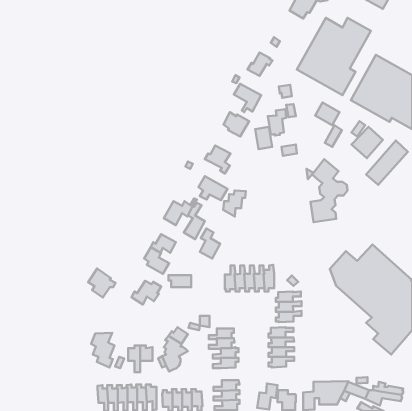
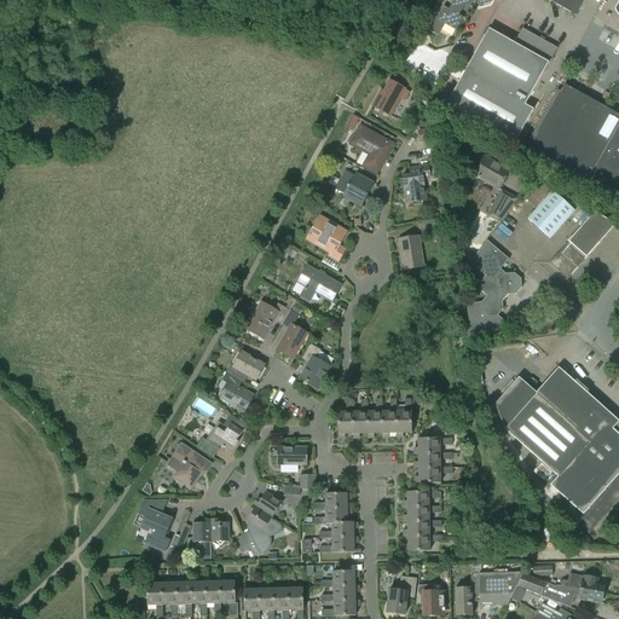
building: [255,127,272,149] -> [398,235,423,268]
building: [223,190,246,217] -> none
building: [88,268,116,298] -> [168,442,209,486]
building: [169,275,191,287] -> [273,445,307,463]

